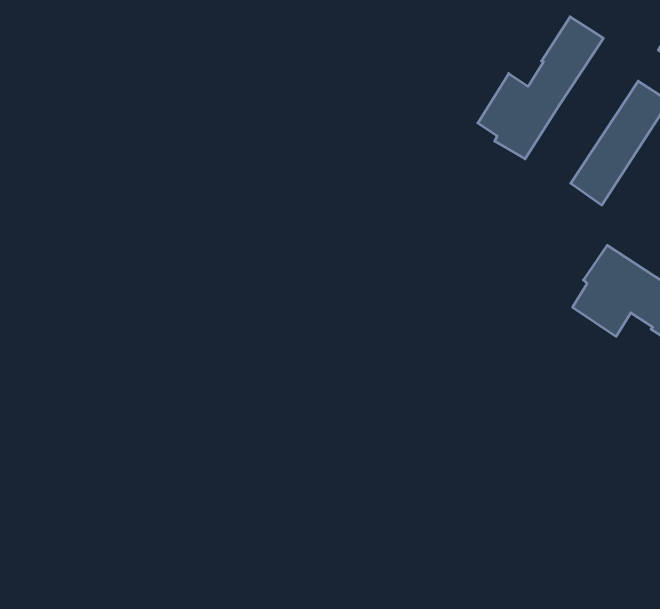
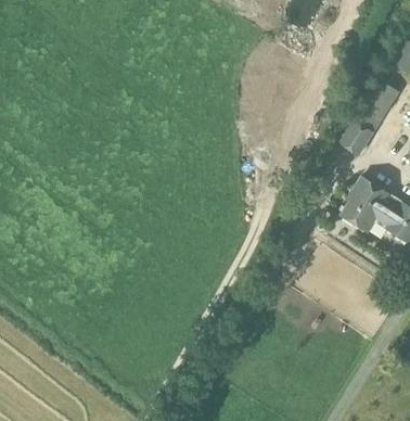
building: [478,17,603,159] -> none

